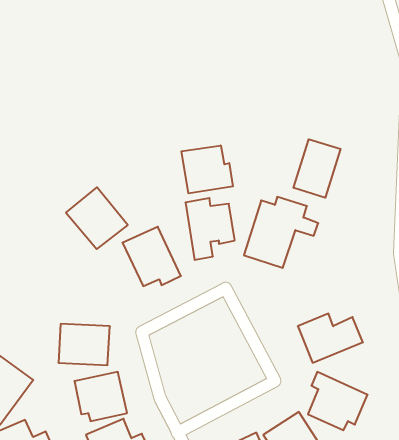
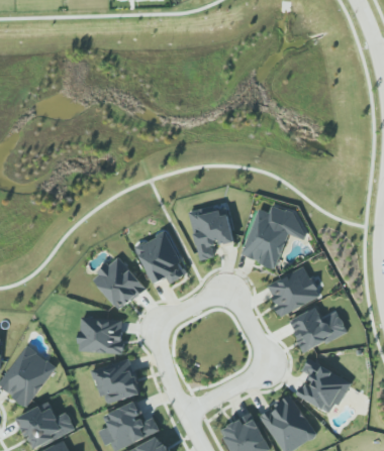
building: [294,139,341,198] -> none
building: [181,145,233,193] -> none
building: [66,187,128,249] -> [91,255,146,310]
building: none -> [266,265,319,316]

